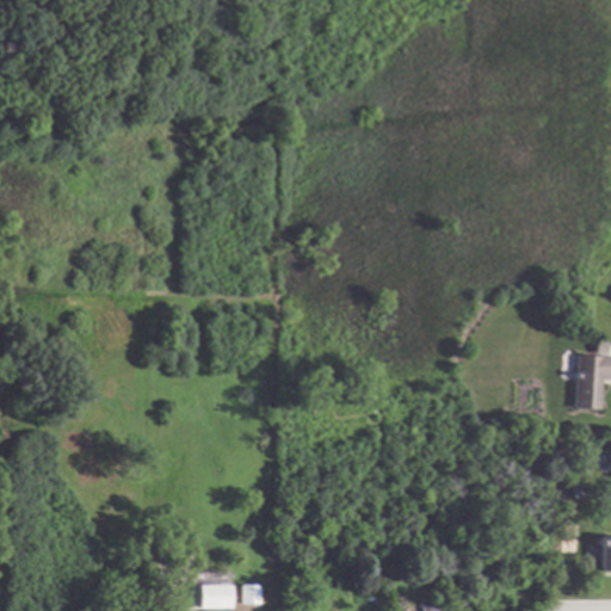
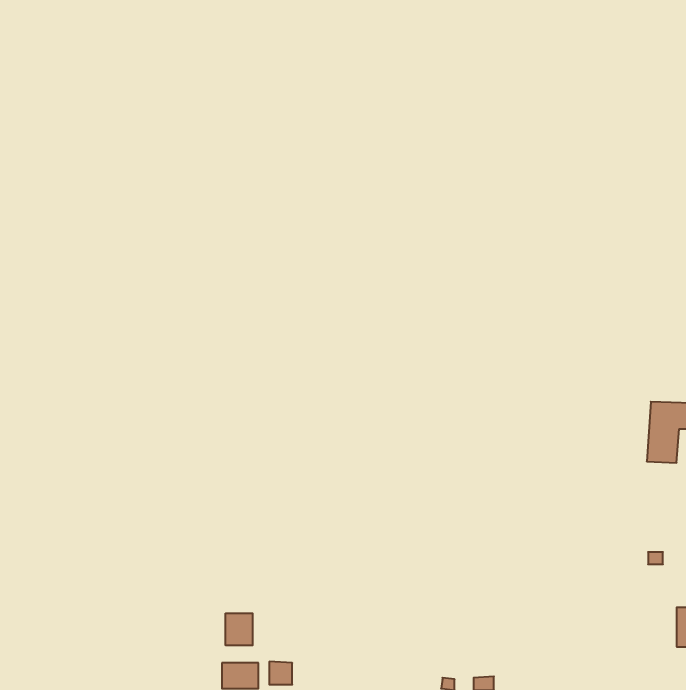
building: none -> [226,613,253,645]

